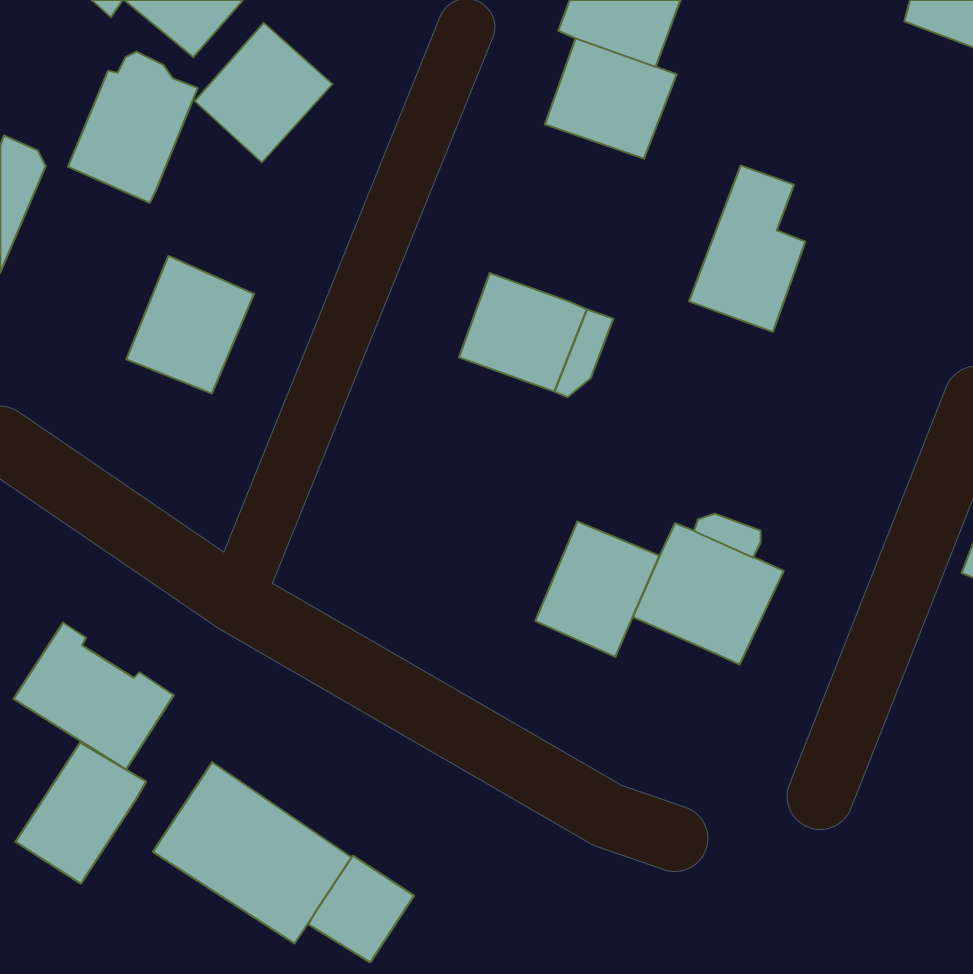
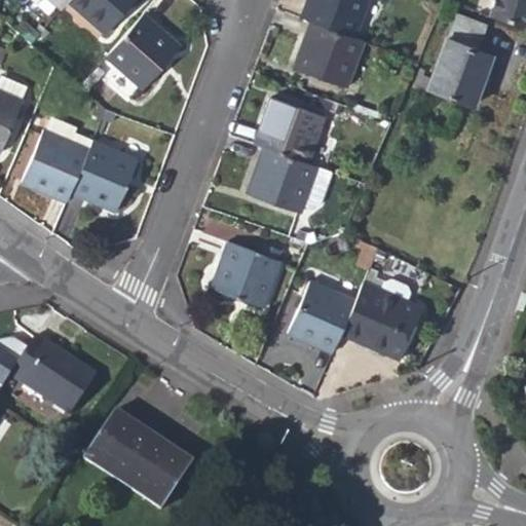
building: [68,52,198,203] -> [23,119,92,200]
building: [689,166,806,332] -> [429,14,492,104]
building: none -> [255,98,325,163]
building: none -> [212,242,284,307]
building: [15,742,146,884] -> none
building: [309,856,414,962] -> none

